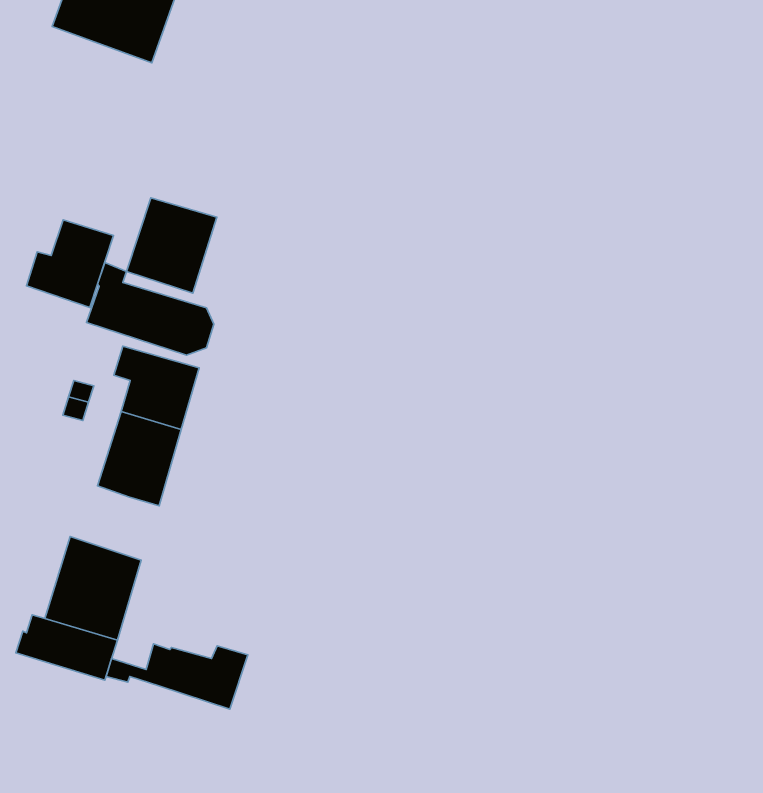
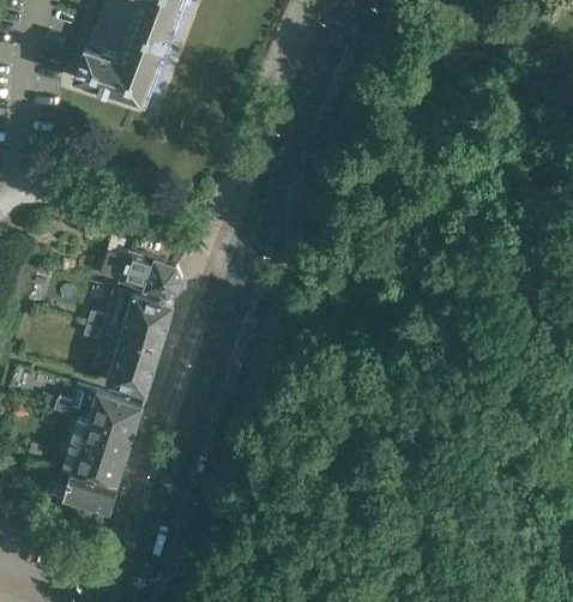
building: [127,198,217,293] -> none
building: [27,220,113,307] -> none
building: [106,644,248,709] -> [54,389,147,432]

